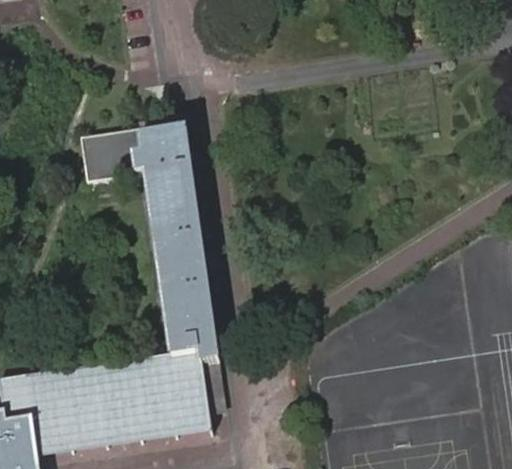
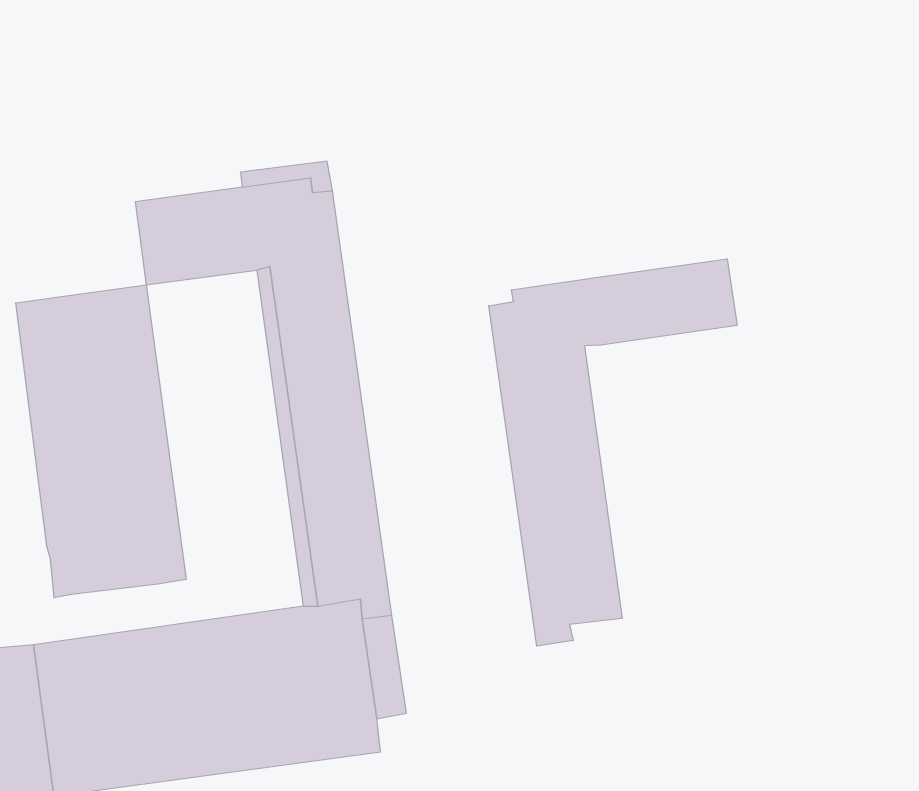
building: none -> [489,259,737,646]
building: none -> [16,285,186,598]

